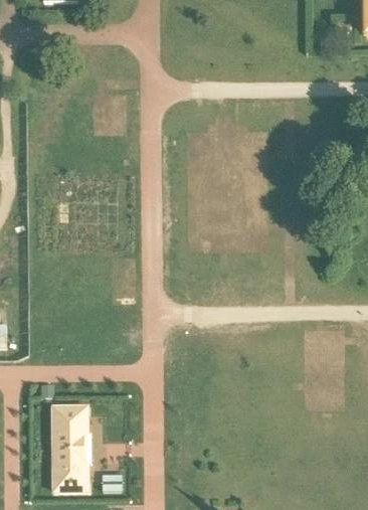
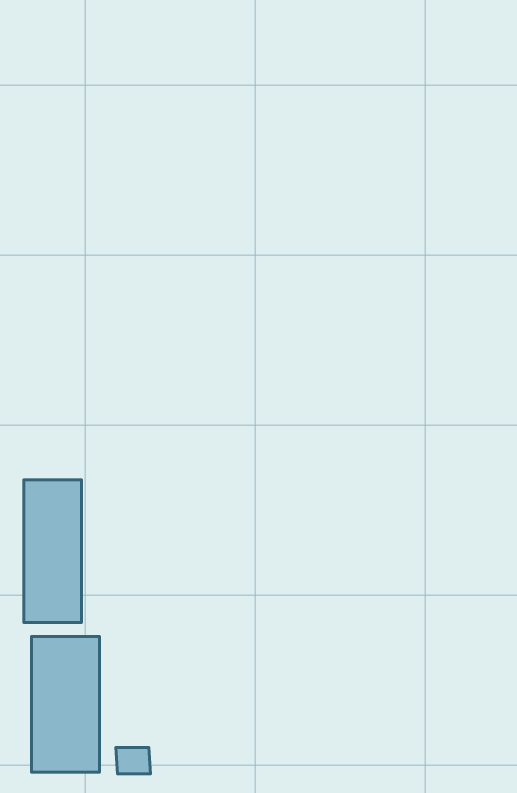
building: none -> [24,480,81,623]

